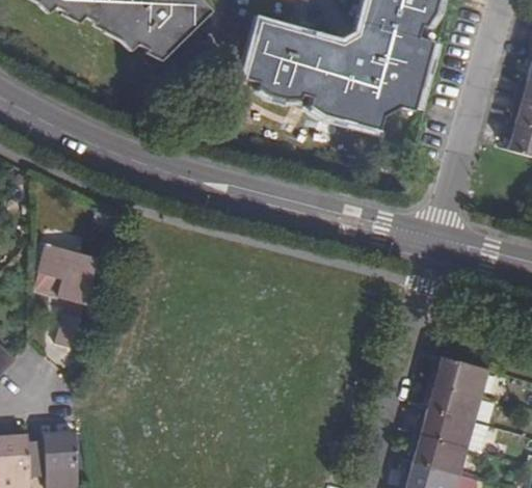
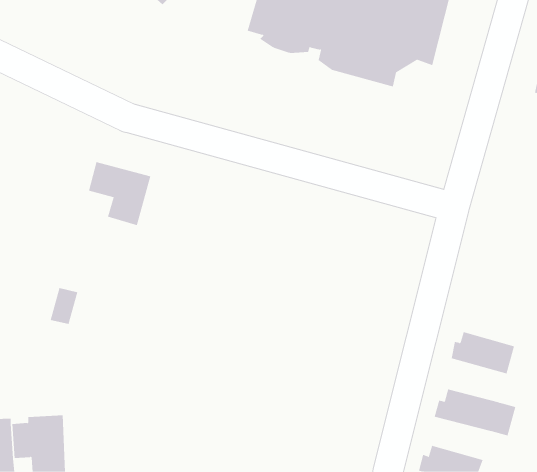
building: [38,244,97,303] -> [88,162,151,226]
building: [426,379,483,419] -> none
building: [411,433,469,472] -> none

